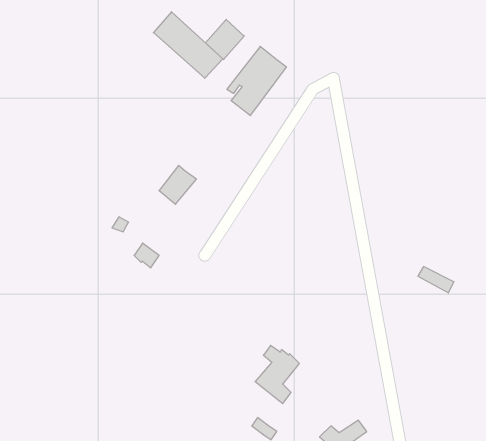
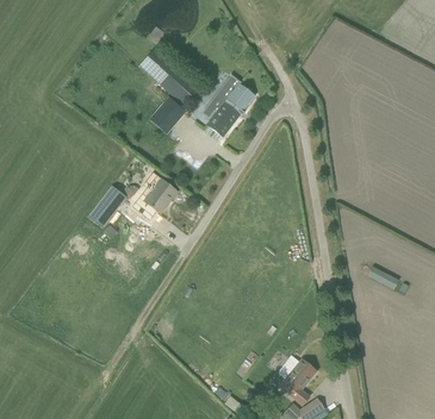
building: [206,19,244,60] -> [151,100,185,135]
building: none -> [88,185,125,226]
building: [255,345,299,404] -> [278,356,316,406]

